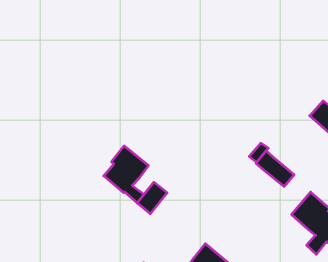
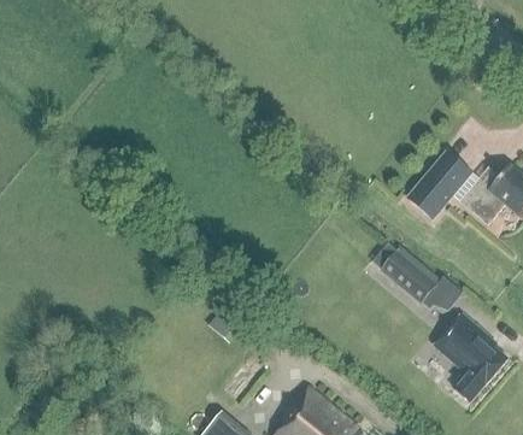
building: none -> [406,152,471,219]
building: [104,146,148,203] -> none
building: none -> [423,275,464,308]

